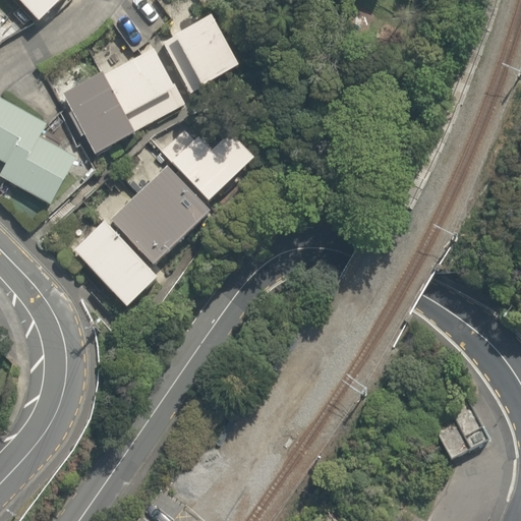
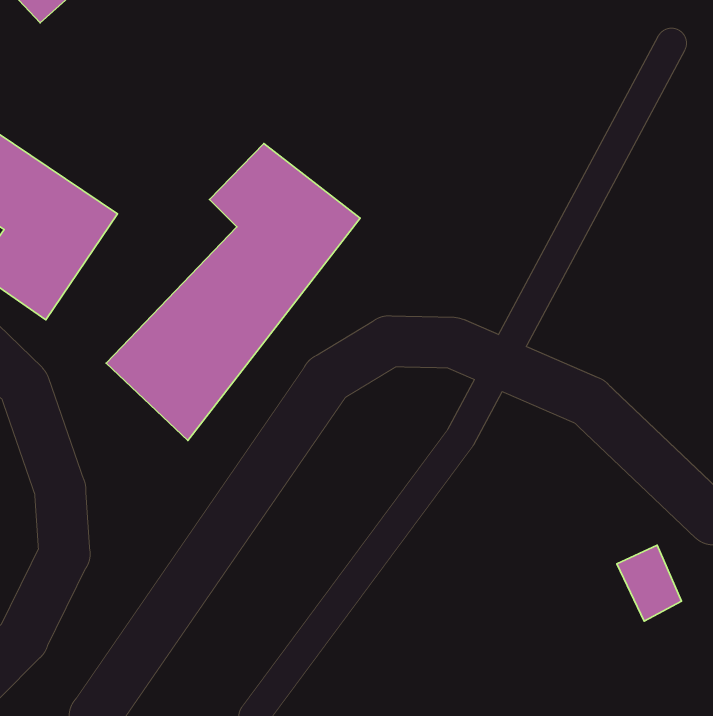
building: [55,16,235,155] -> none

